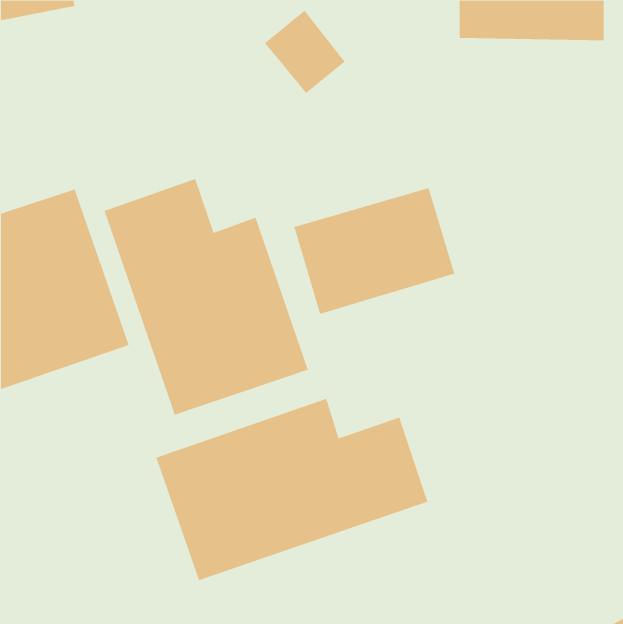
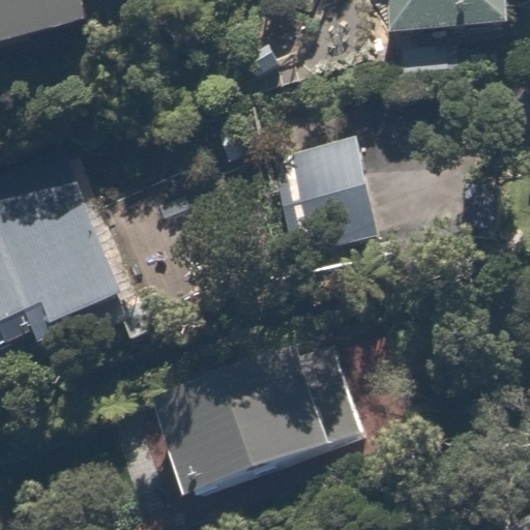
building: [104,178,308,416] -> none

